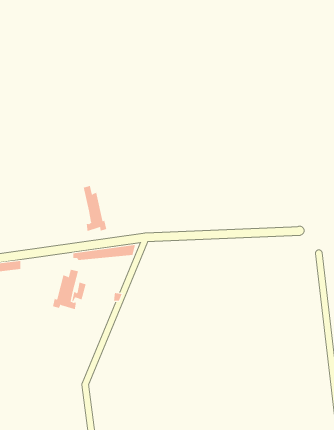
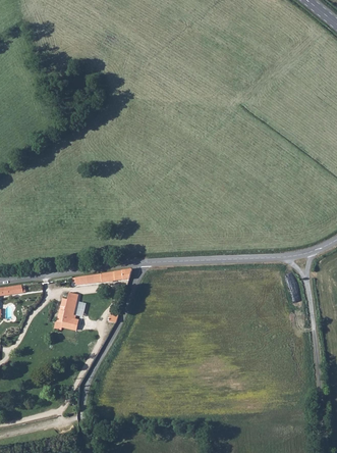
building: [83,185,107,232] -> none

